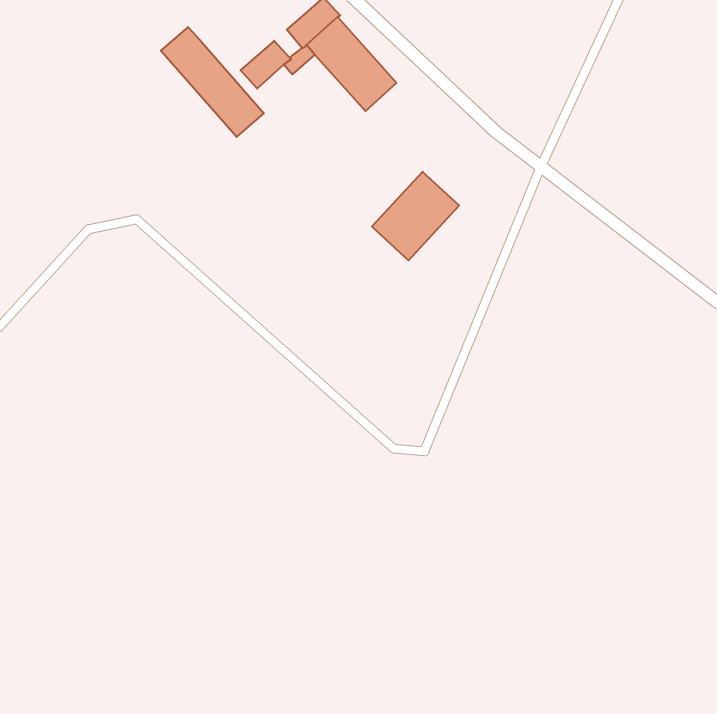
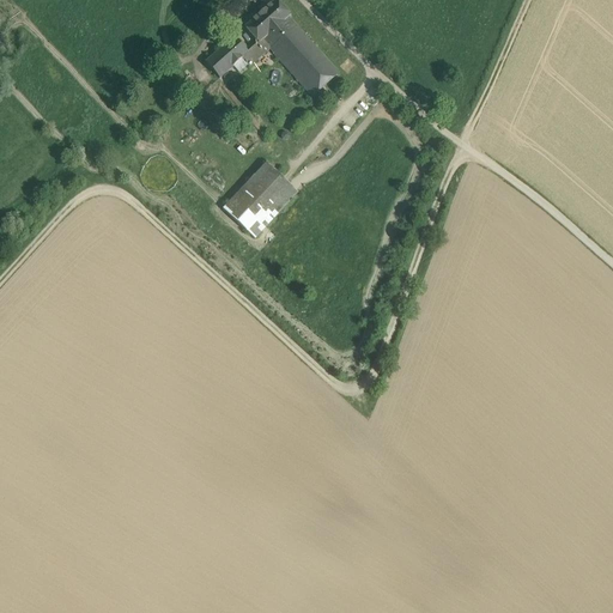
building: [161,27,264,137] -> none
building: [372,172,459,260] -> [223,160,297,236]

